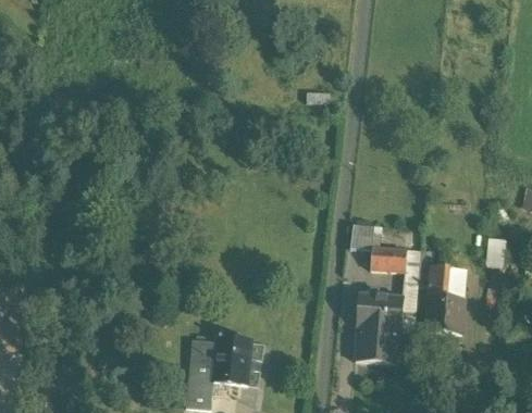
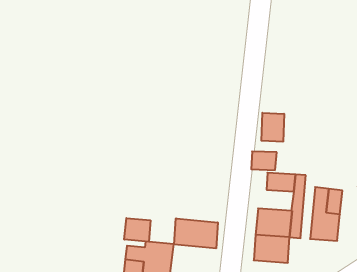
building: none -> [261,113,284,142]
building: none -> [124,218,150,242]
building: none -> [174,218,218,248]

